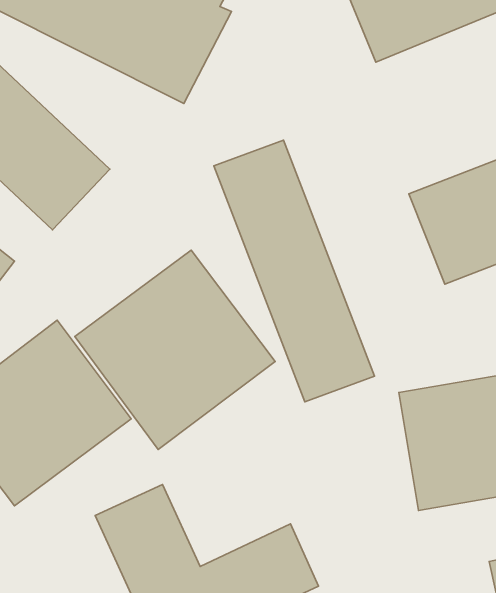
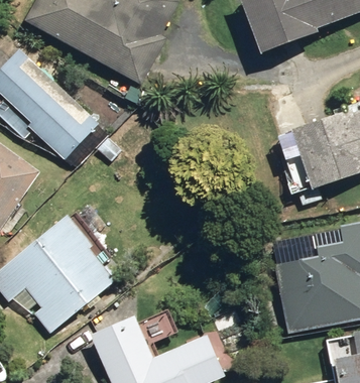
building: [214,140,375,402] -> none
building: [75,250,275,449] -> none

